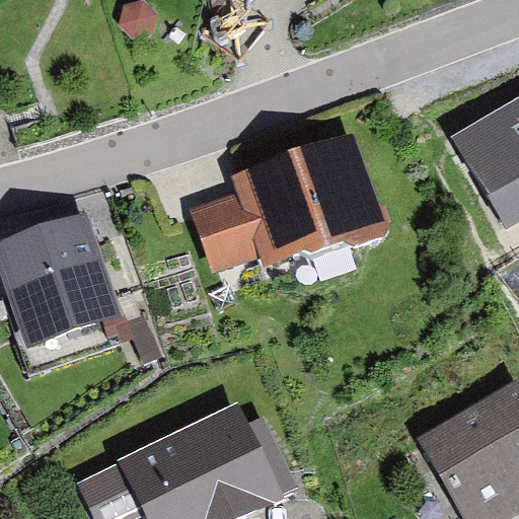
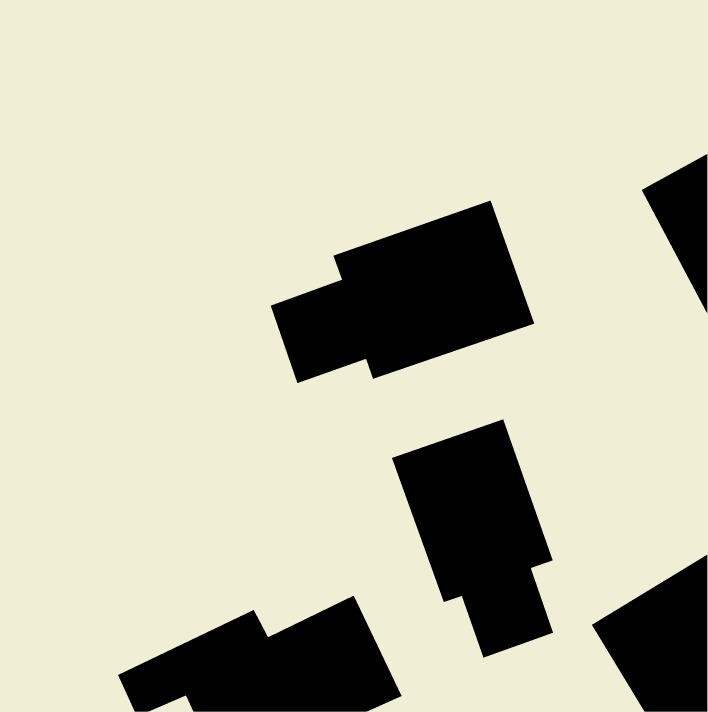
building: [19,196,134,331] -> none
building: none -> [391,418,554,658]

